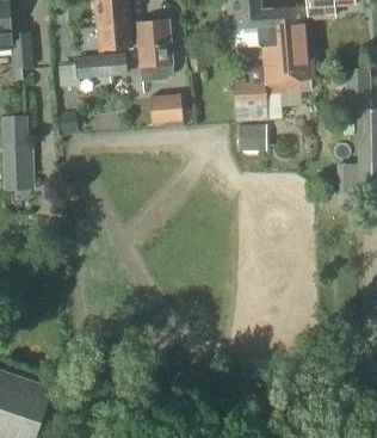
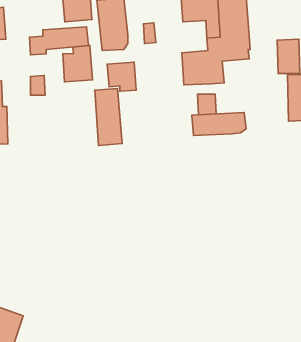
building: none -> [63,46,92,82]
building: none -> [95,89,122,145]
building: none -> [192,113,246,135]

